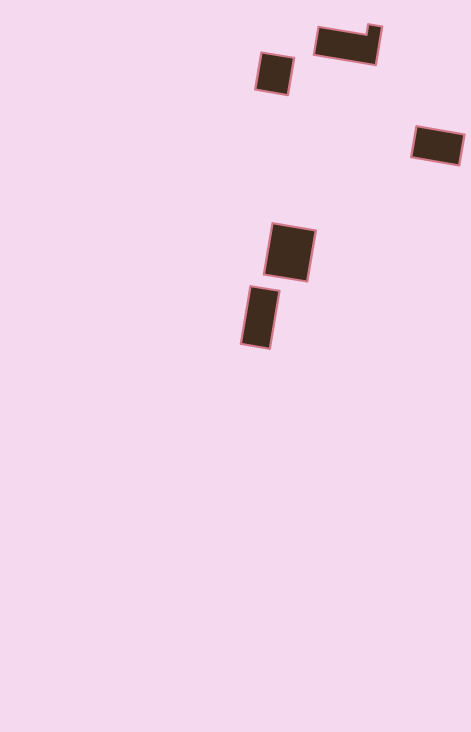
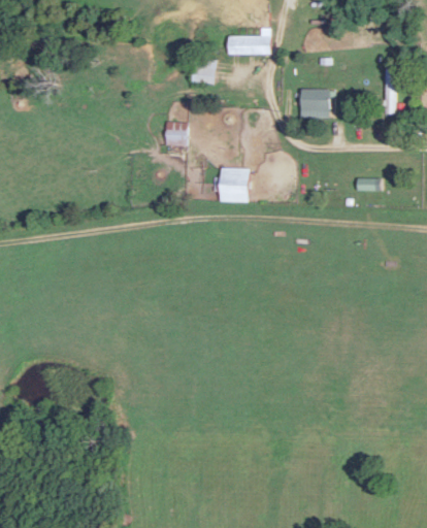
building: none -> [164,122,185,146]
building: [241,286,280,349] -> none

